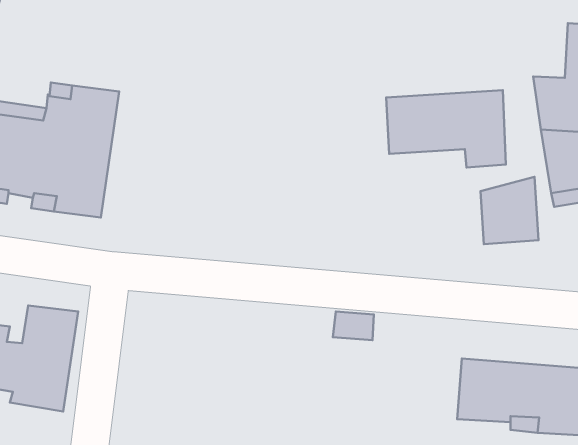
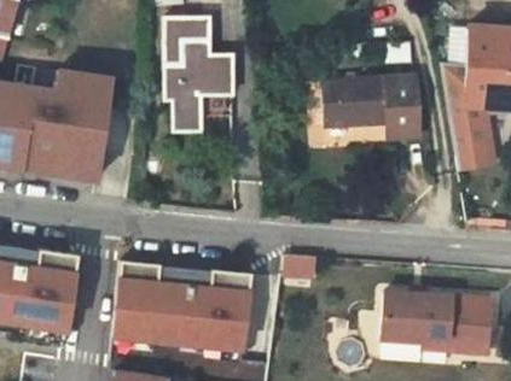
building: none -> [164,18,233,133]
building: [481,177,539,244] -> none
building: none -> [115,260,252,350]

